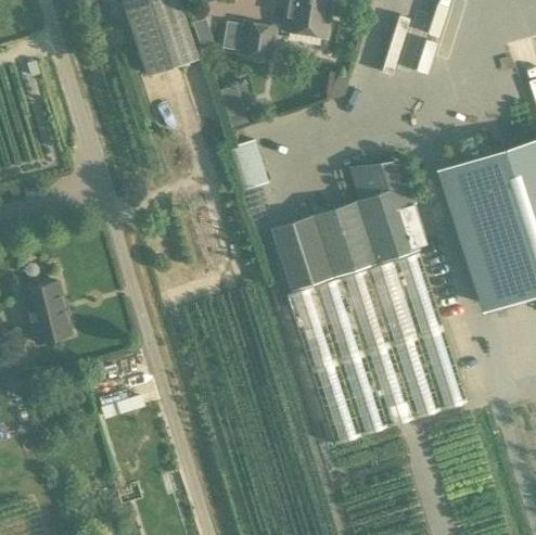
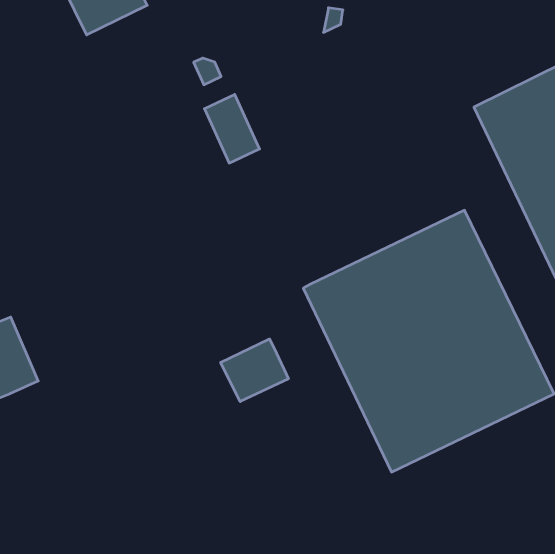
building: [270,166,418,291] -> none
building: none -> [221,339,288,402]

